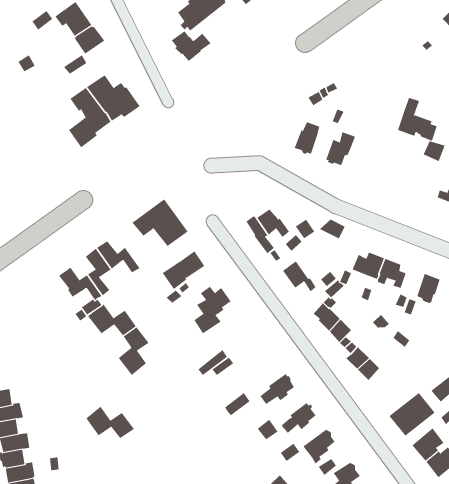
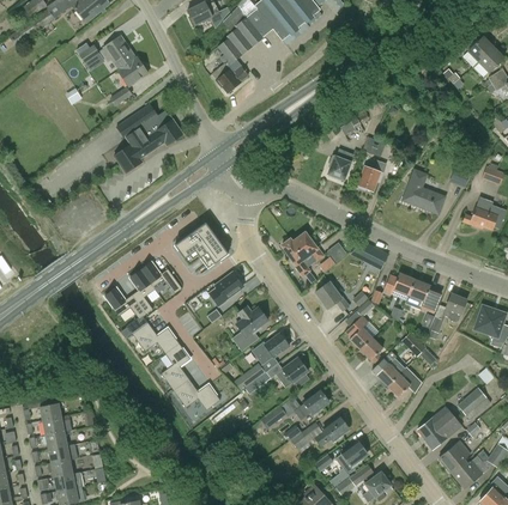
building: [397,97,438,141] -> [403,170,441,212]
building: none -> [253,333,290,363]
building: none -> [276,357,309,387]
building: [85,406,135,439] -> [174,378,220,409]

